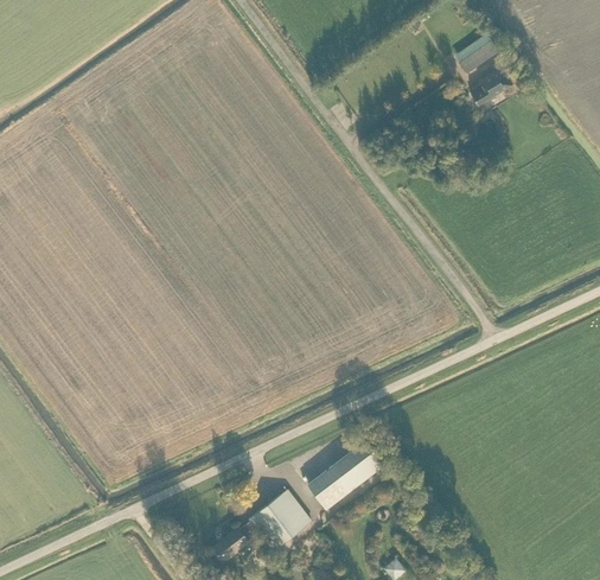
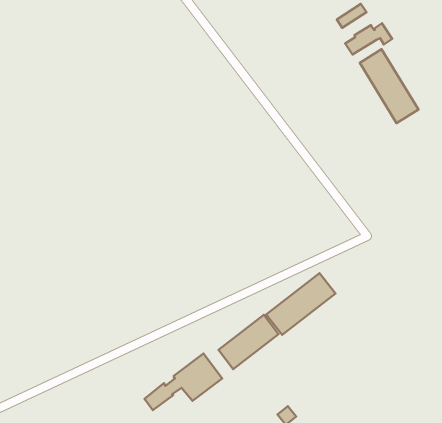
building: none -> [360,49,418,123]
building: none -> [266,273,335,335]

